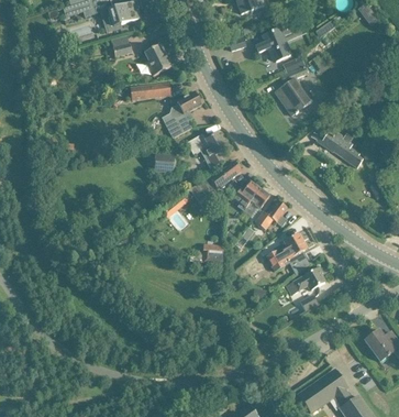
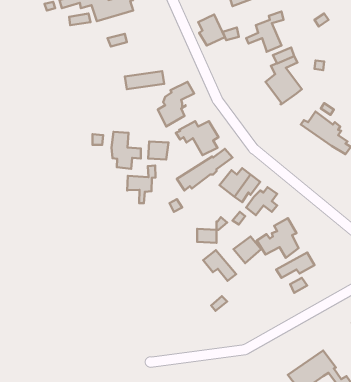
building: [144,43,171,75] -> [198,15,225,46]
building: none -> [112,132,141,169]
building: none -> [127,165,155,203]
building: none -> [203,250,236,281]

